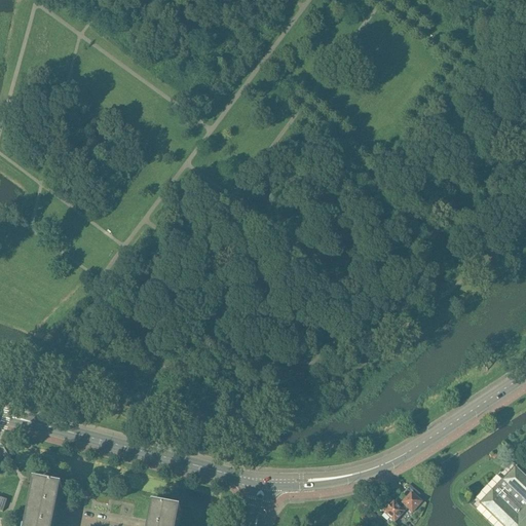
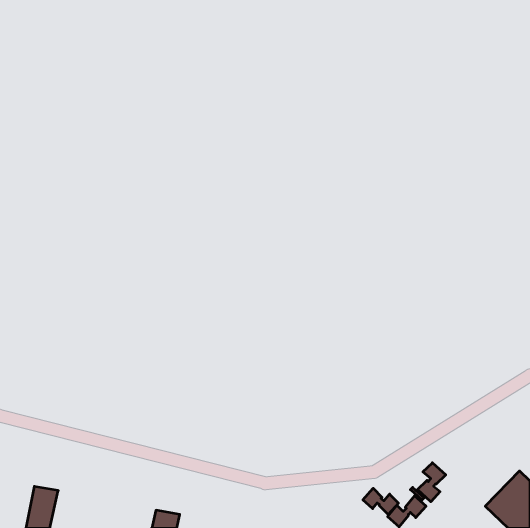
building: none -> [417,463,446,502]
building: none -> [363,488,398,514]

